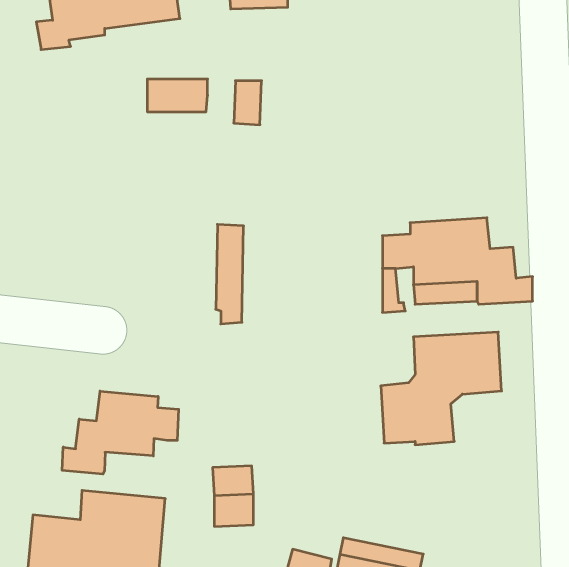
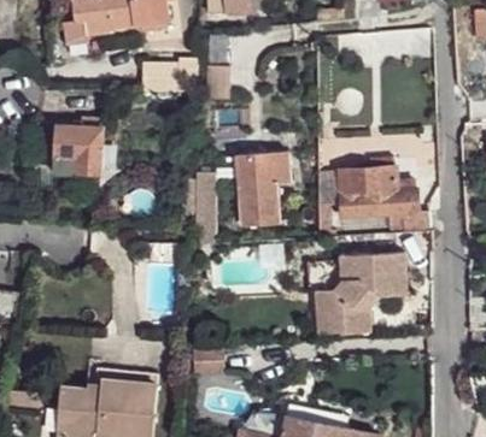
building: none -> [53,125,101,172]
building: none -> [236,150,289,225]
building: [62,391,179,474] -> none

